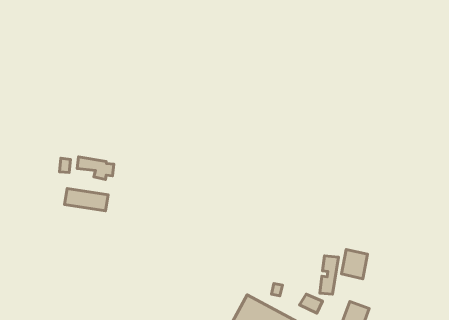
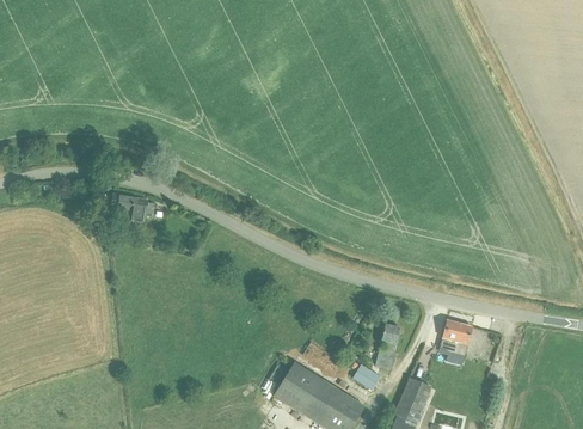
building: [65,188,108,211] -> none
building: [342,249,368,279] -> [440,320,471,355]

